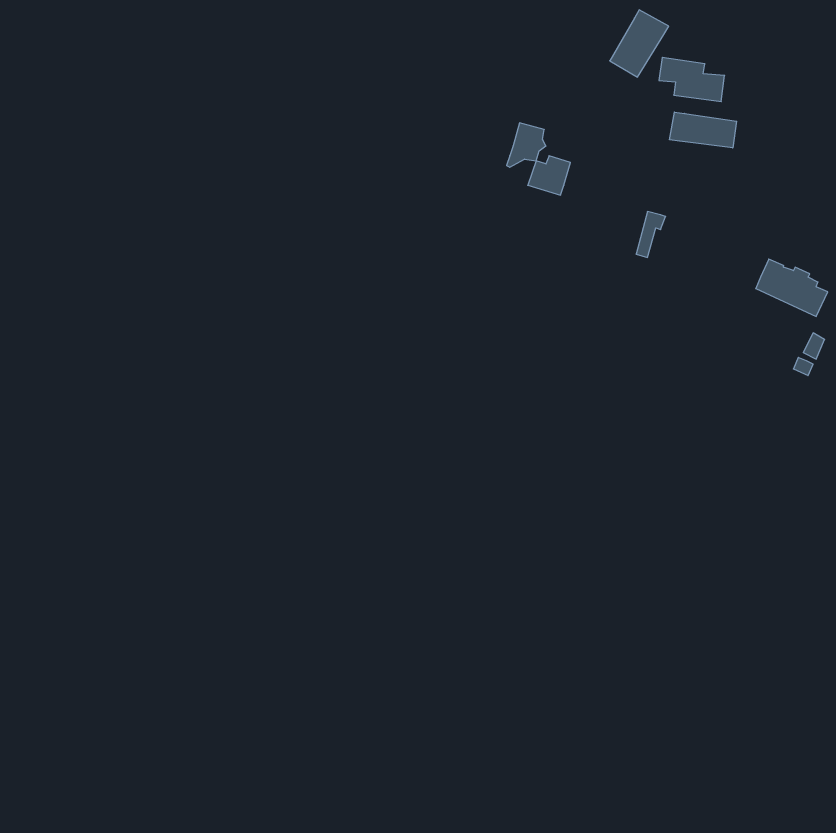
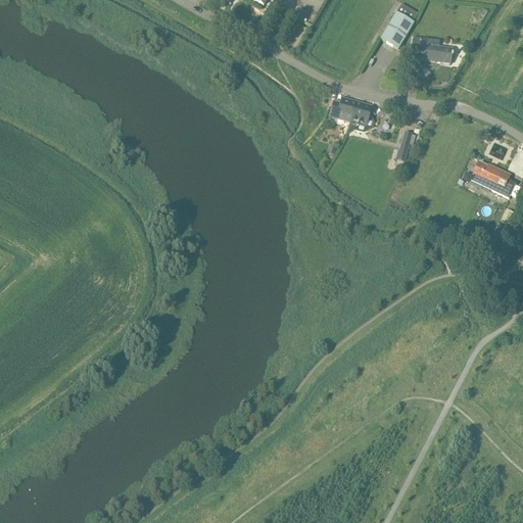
building: [670,112,737,148] -> none
building: [507,123,546,167] -> [348,101,373,129]

